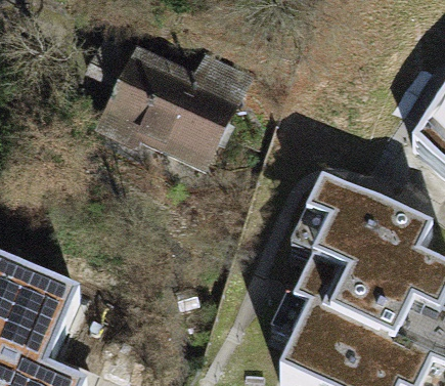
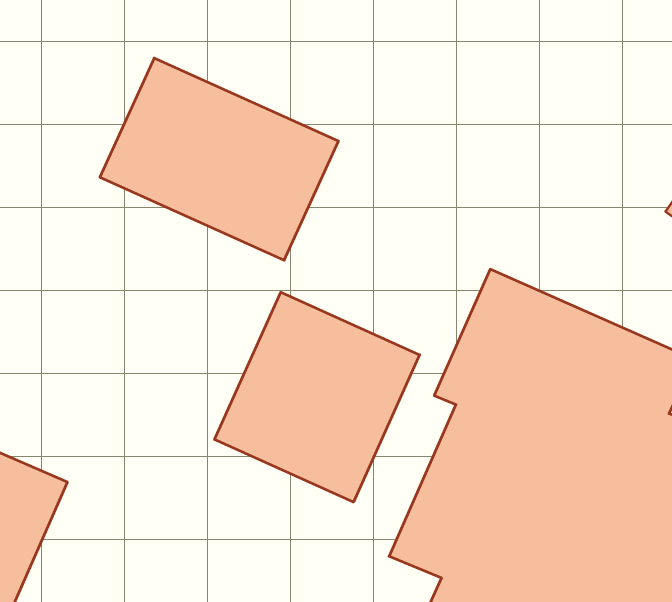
building: none -> [215,292,420,502]

